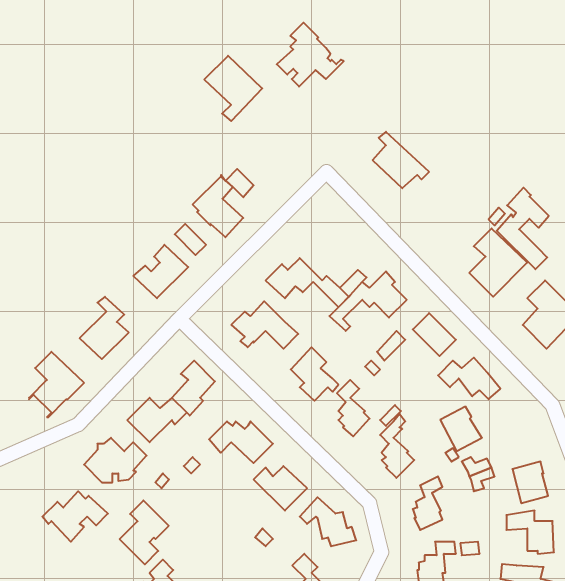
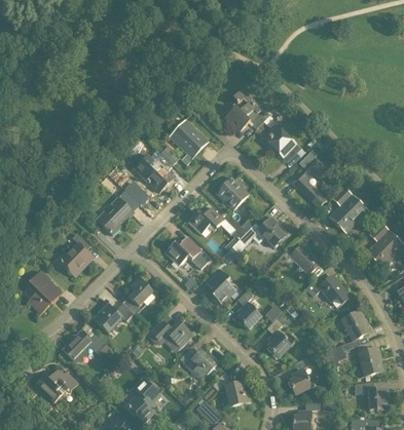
building: [277,23,344,87] -> [222,88,268,132]
building: [204,56,262,121] -> [168,119,208,164]
building: [497,188,549,269] -> [291,151,327,207]
building: none -> [215,177,248,210]
building: [440,407,482,451] -> [341,310,370,341]
building: [120,500,169,564] -> [125,378,159,422]

